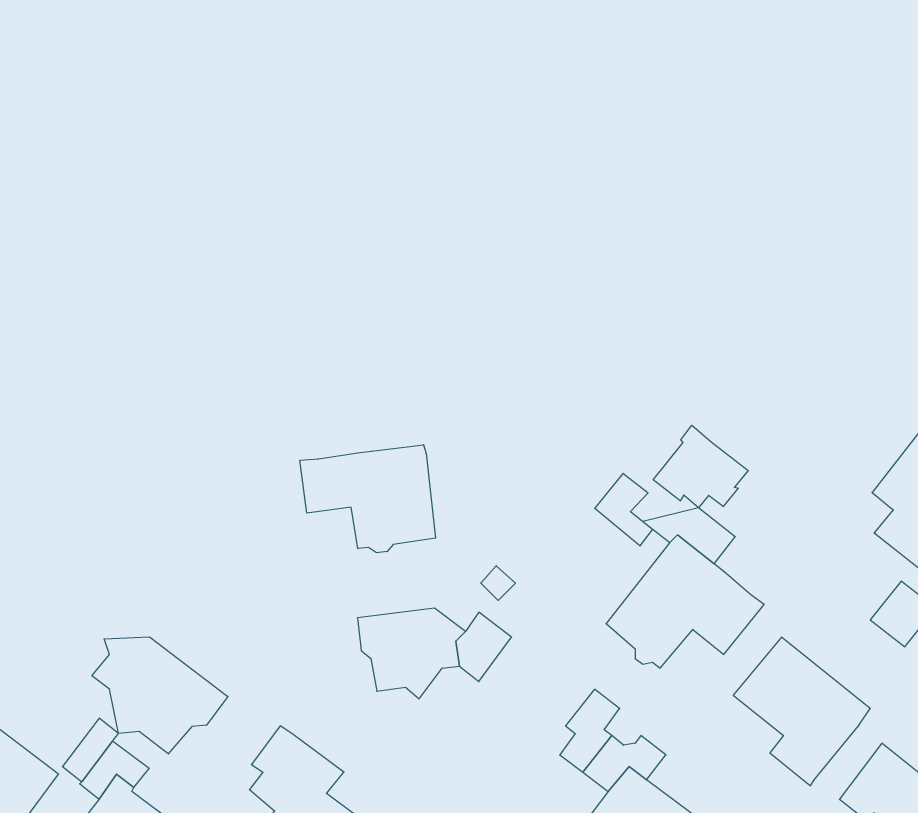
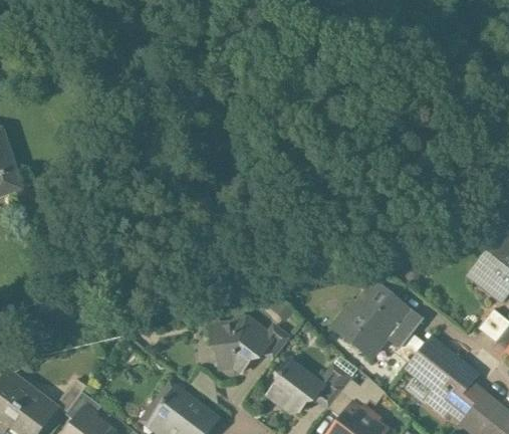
building: [653,425,748,508] -> none
building: [300,445,436,553] -> none
building: [595,473,653,546] -> none
building: [92,637,228,754] -> none
building: none -> [274,361,323,412]
building: none -> [448,384,483,422]

